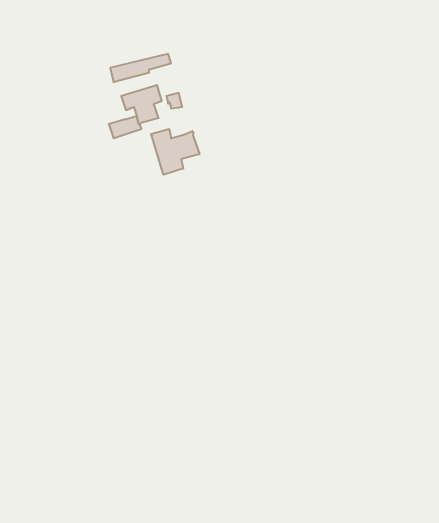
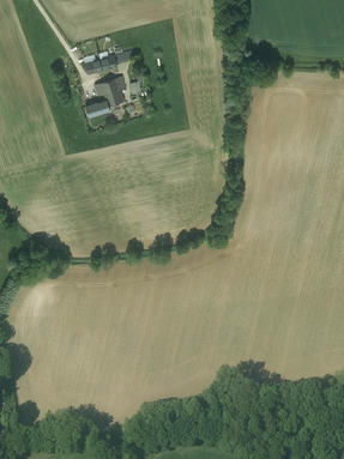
building: [151,129,199,175] -> none

